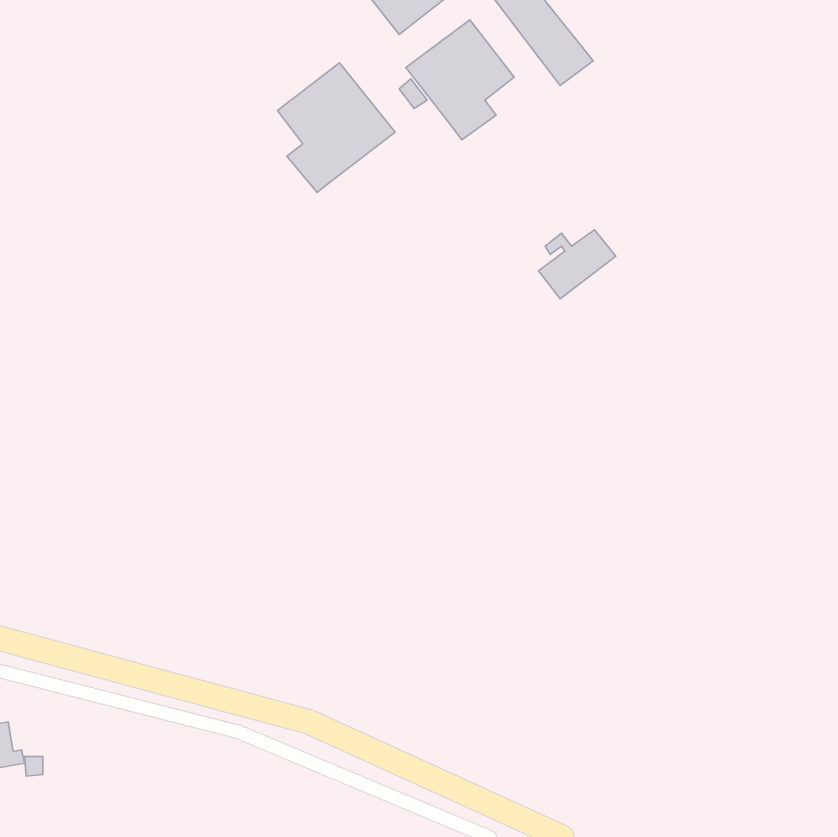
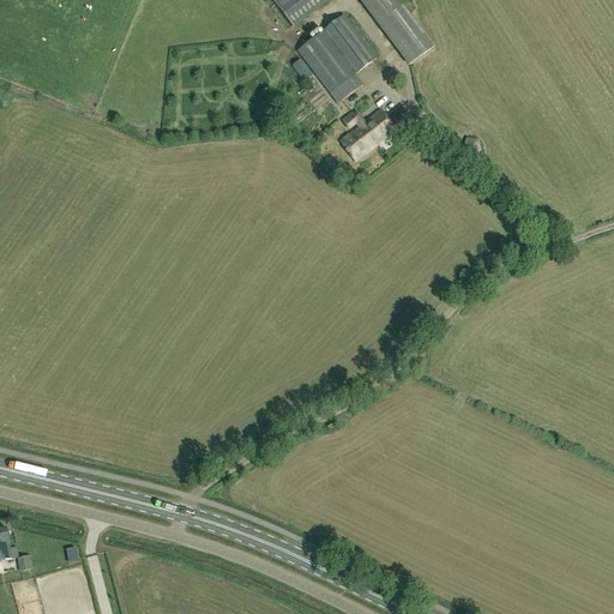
building: [278,63,395,192] -> none
building: [539,230,616,299] -> [337,108,393,158]

